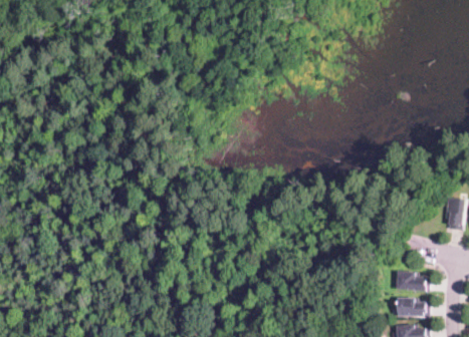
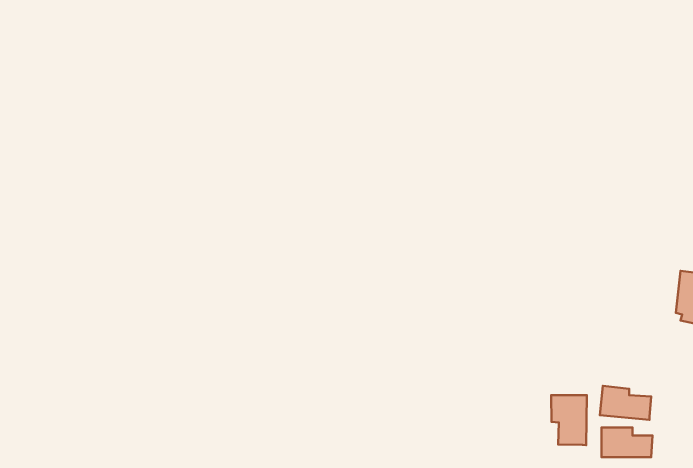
building: none -> [551,395,587,445]

